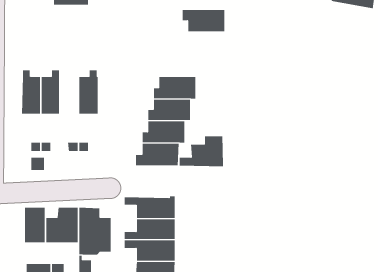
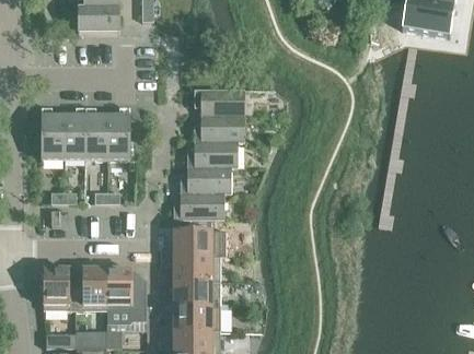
building: [182,9,225,32] -> [193,90,243,116]
building: none -> [84,108,106,160]
building: [179,136,224,167] -> [159,221,211,257]

